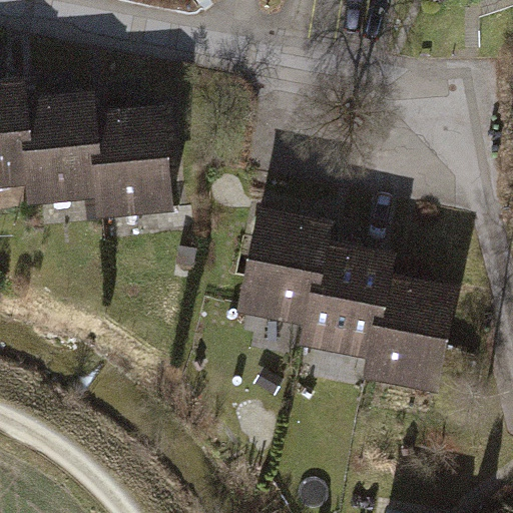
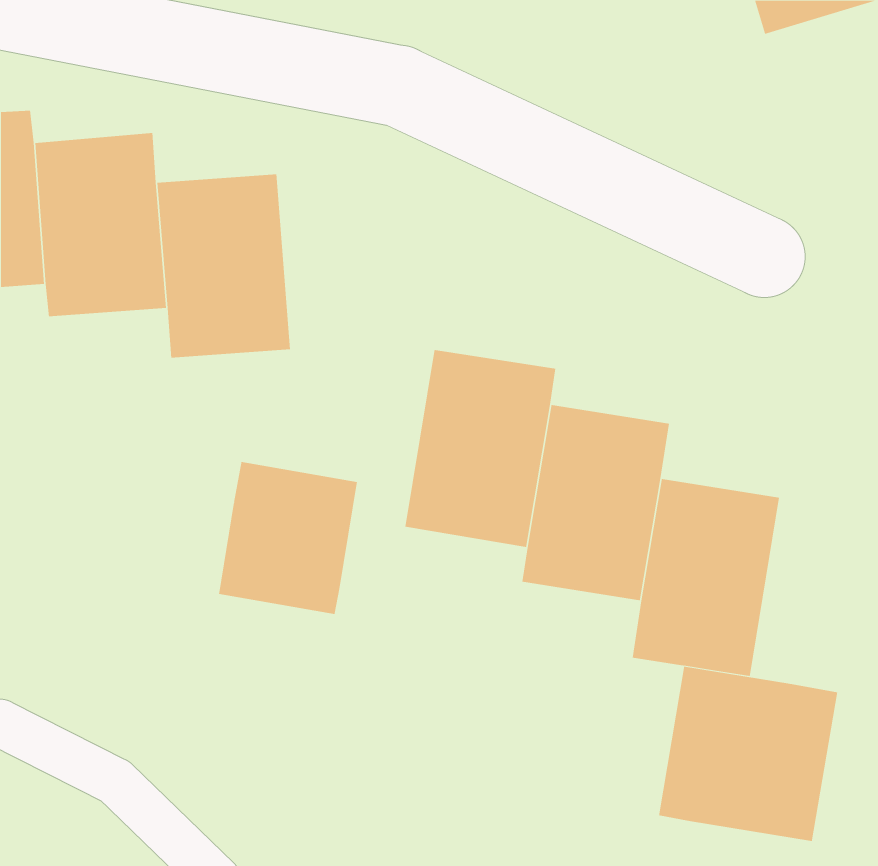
building: none -> [218,461,358,615]
building: none -> [659,666,838,842]

